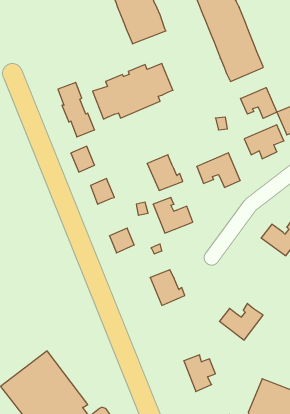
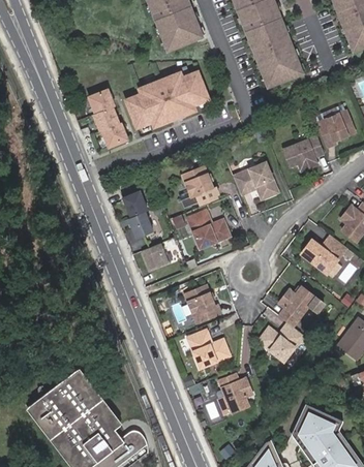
building: [241,88,277,118] -> none
building: [71,146,95,172] -> [128,212,153,239]
building: none -> [278,285,315,326]
building: none -> [188,331,231,369]

